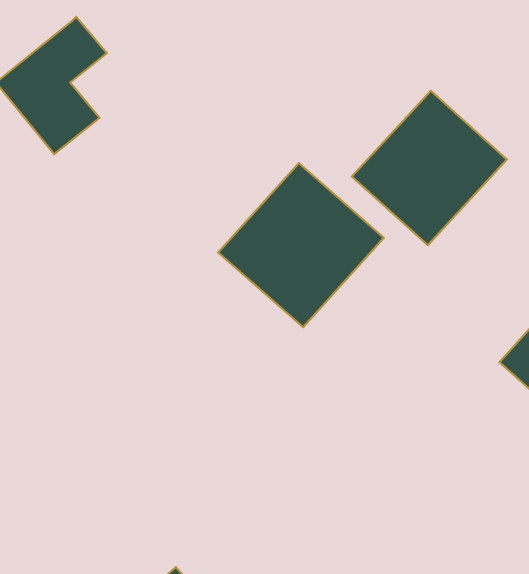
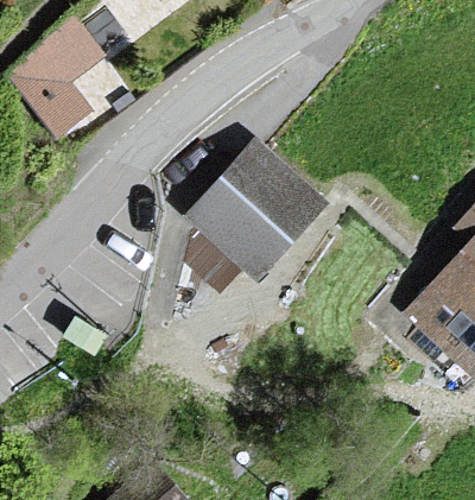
building: [352,91,507,245] -> none

